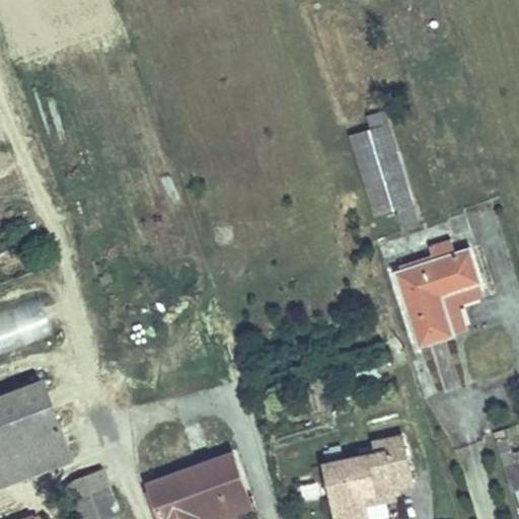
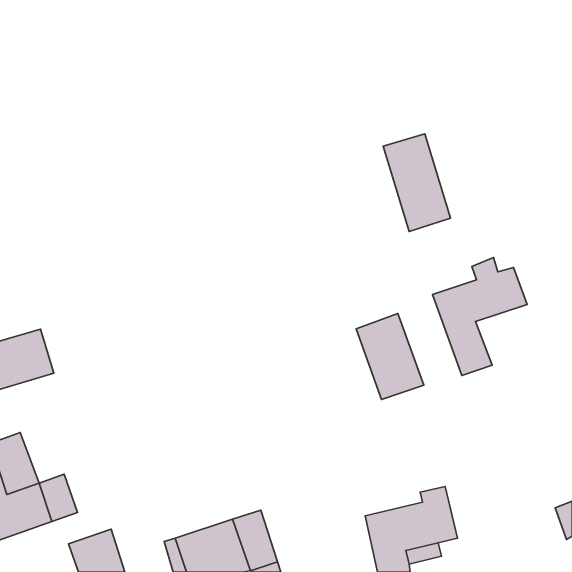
building: [429,275,480,329] -> none
building: none -> [356,314,424,400]
building: [18,381,58,436] -> none

